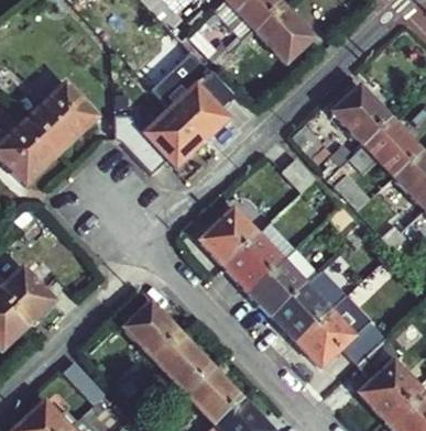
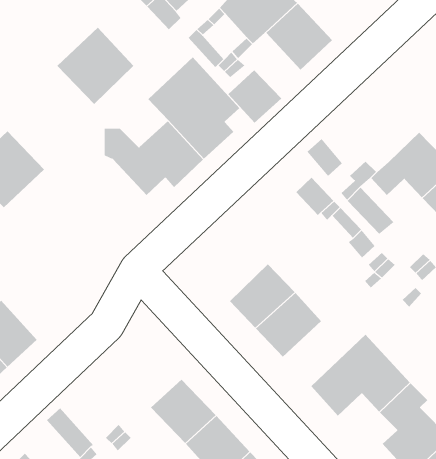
building: none -> [228,69,282,123]
building: [29,82,97,151] -> [56,27,134,105]
building: [332,85,391,144] -> none
building: [198,207,258,266] -> none
building: [271,269,343,341] -> none
building: [123,301,182,360] -> none

